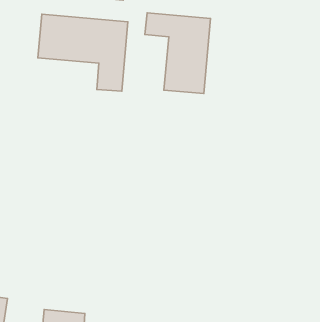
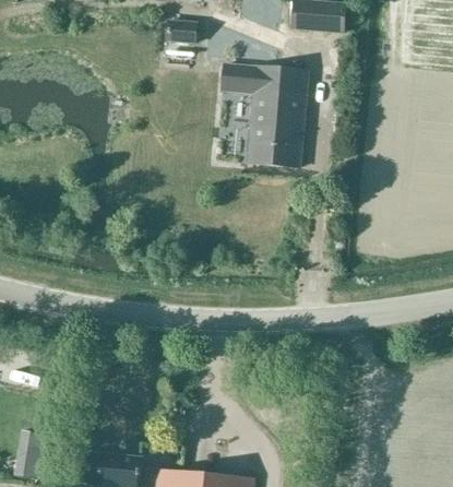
building: [38,14,128,91] -> none

